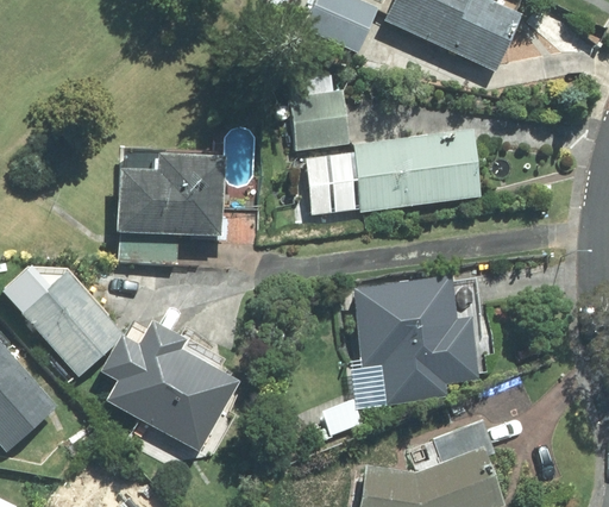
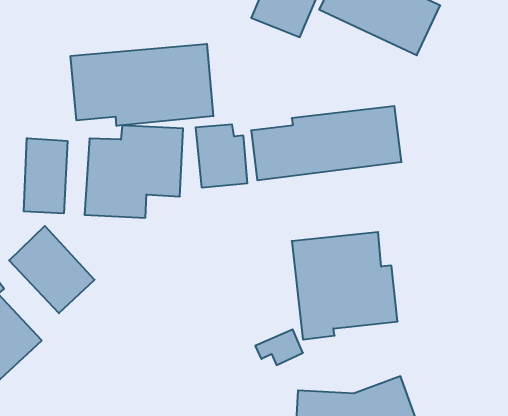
building: none -> [71,44,213,126]
building: [291,75,352,149] -> [196,124,247,187]
building: none -> [24,138,67,213]
building: [100,318,238,452] -> none

